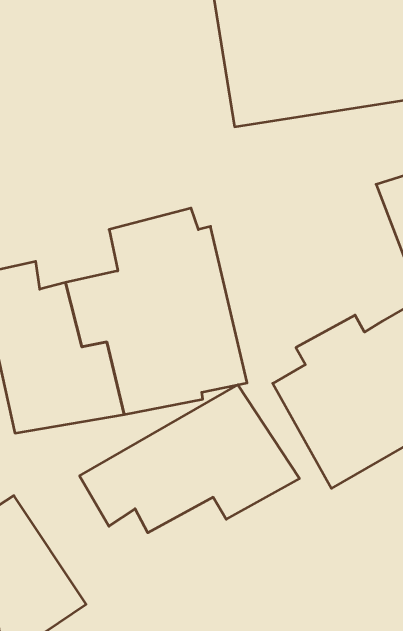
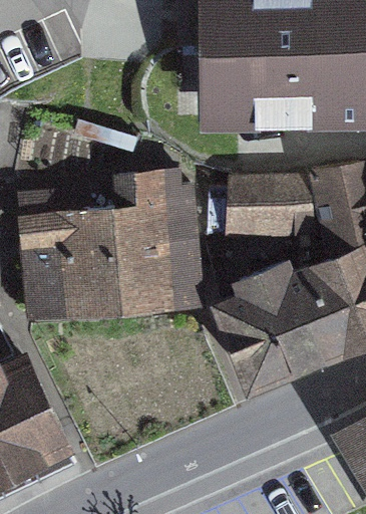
building: none -> [228,180,313,234]
building: [80,385,299,533] -> none

